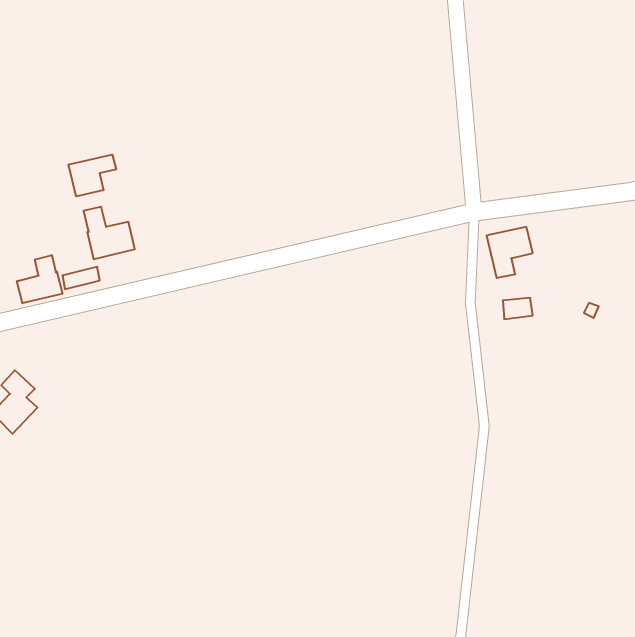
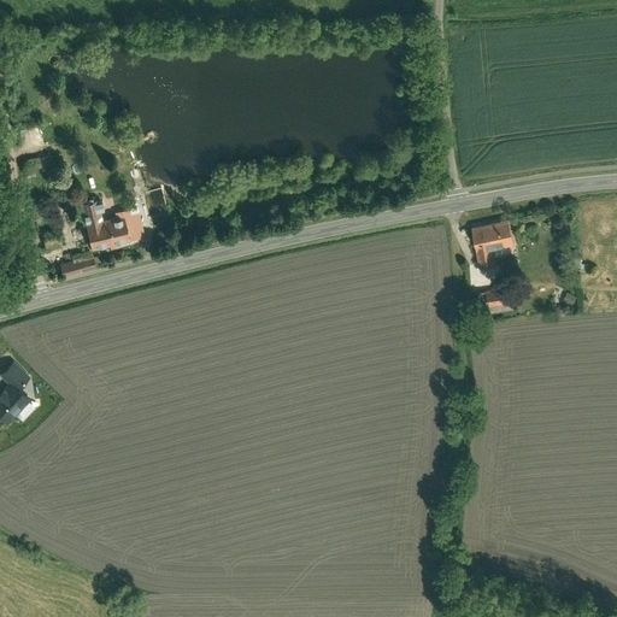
building: [68,155,116,196] -> none
building: [17,255,62,303] -> none

